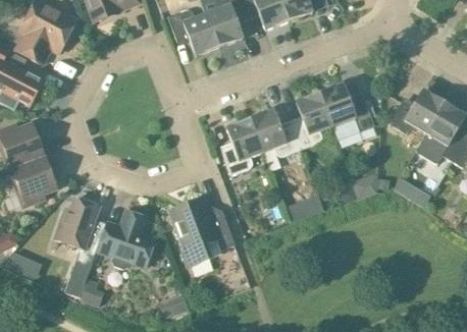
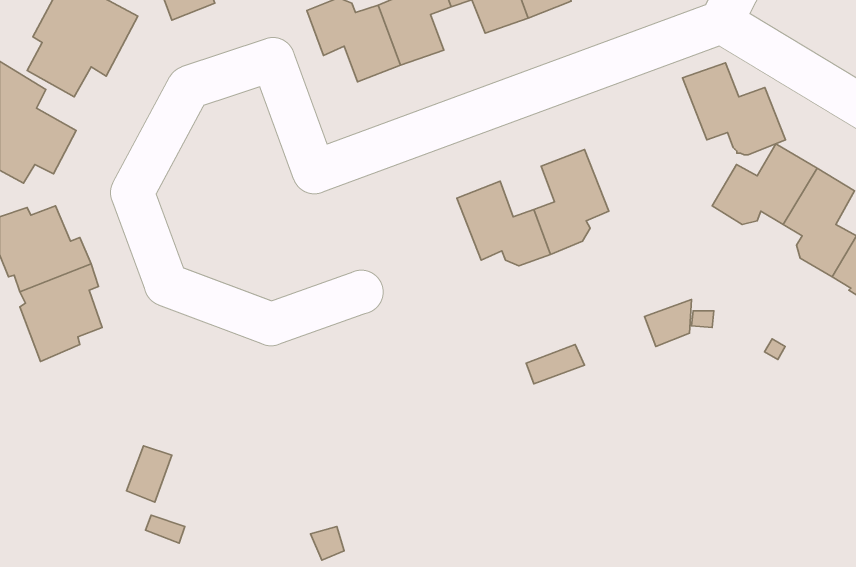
building: [318,84,374,133] -> [682,63,786,155]
building: [221,118,262,175] -> none
building: [54,198,99,248] -> none
building: [171,200,235,269] -> none
building: [97,211,154,269] -> none
building: [8,251,43,278] -> none

